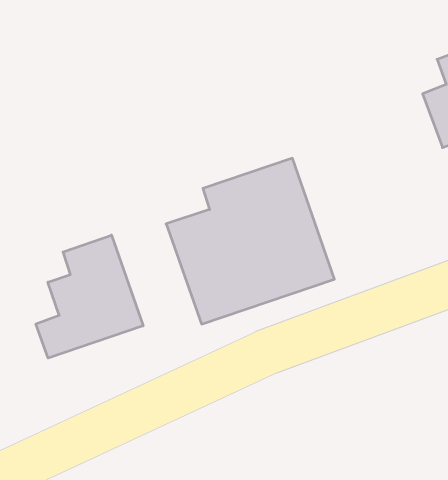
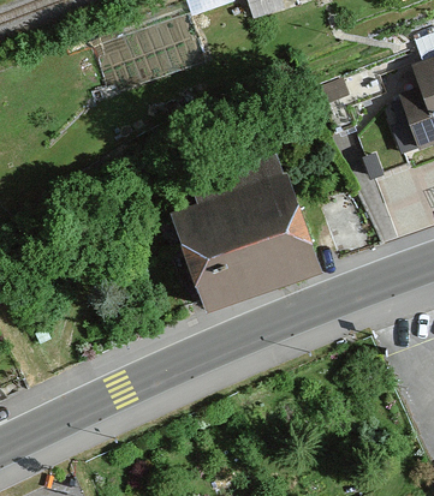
building: [36,235,143,358] -> none

